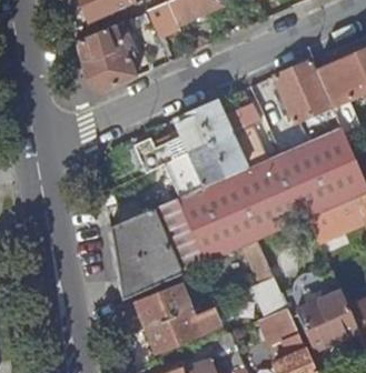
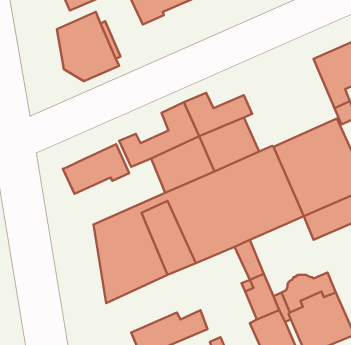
building: [275,59,333,121] -> none
building: none -> [63,144,129,194]
building: [137,284,190,327] -> none

